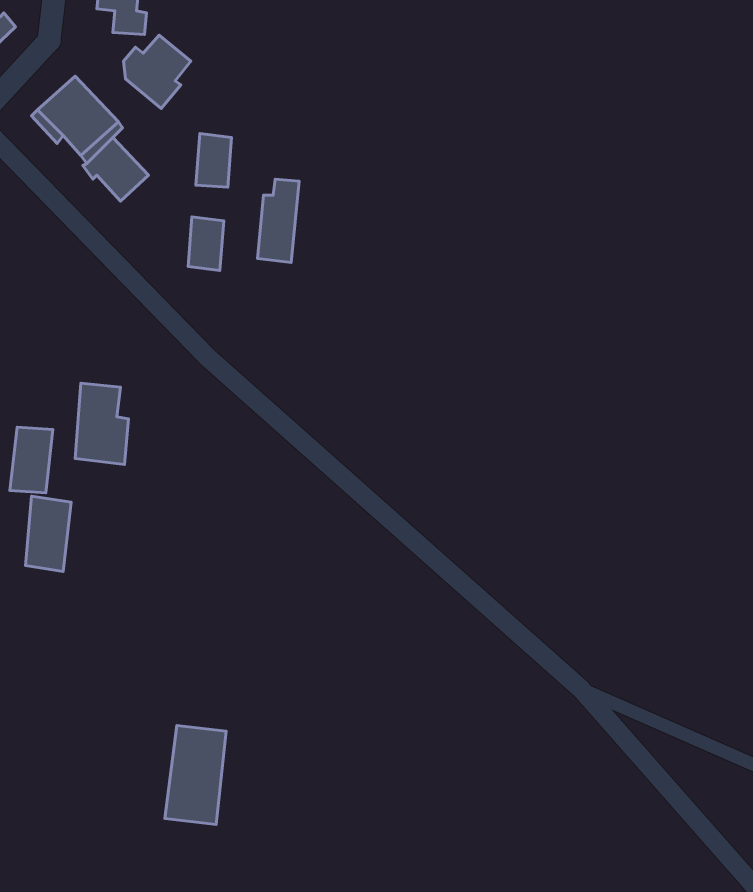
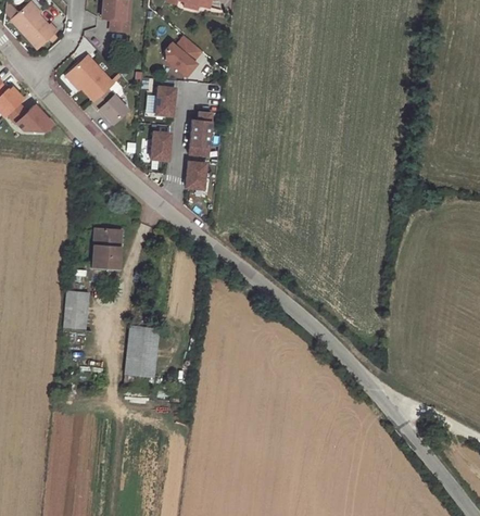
building: [123,35,191,109] -> [165,37,202,77]
building: none -> [187,163,207,190]
building: [10,427,53,493] -> none
building: [165,725,226,824] -> [125,320,159,375]

